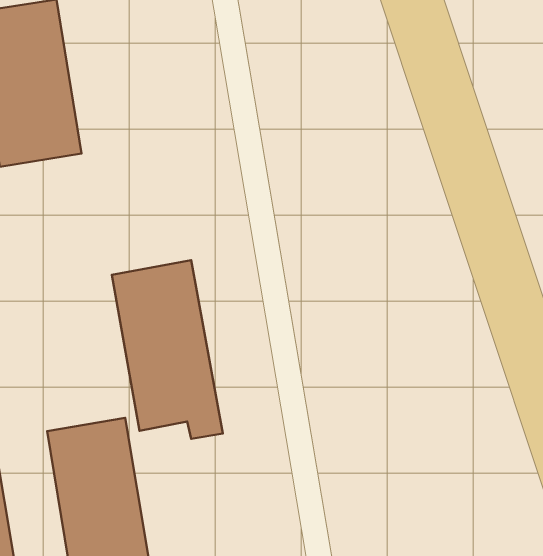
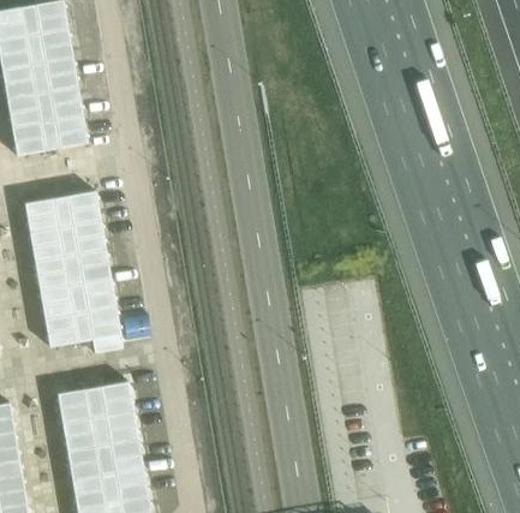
building: [112,260,223,439] -> [23,191,124,353]

